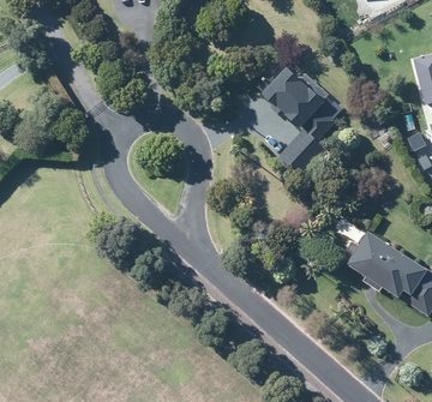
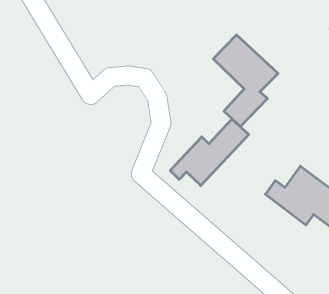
building: none -> [170,119,249,186]

